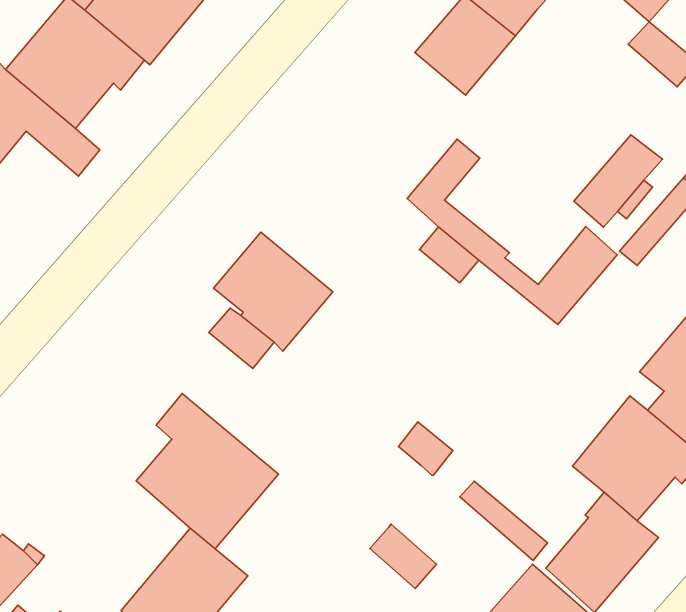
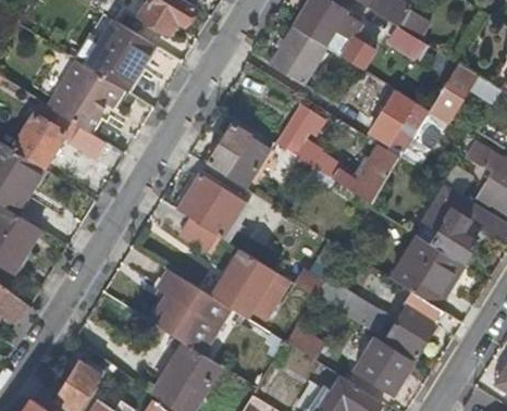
building: none -> [325,28,374,68]
building: none -> [207,122,273,190]
building: none -> [212,249,282,319]

